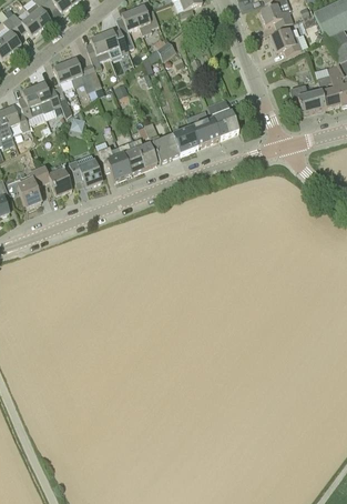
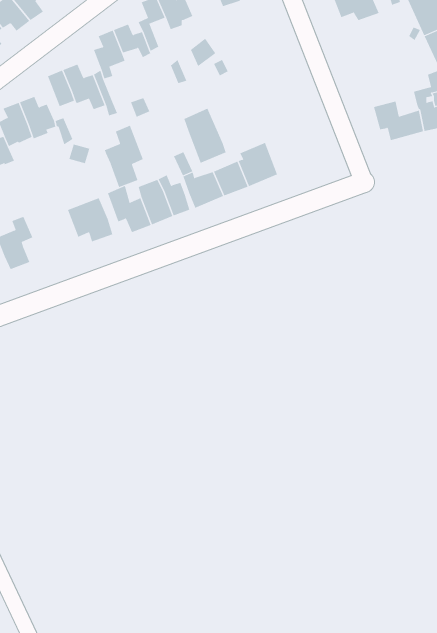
building: [269,27,300,54] -> none
building: [207,98,238,138] -> [183,108,226,163]
building: none -> [104,125,144,188]
building: [37,165,72,195] -> none

